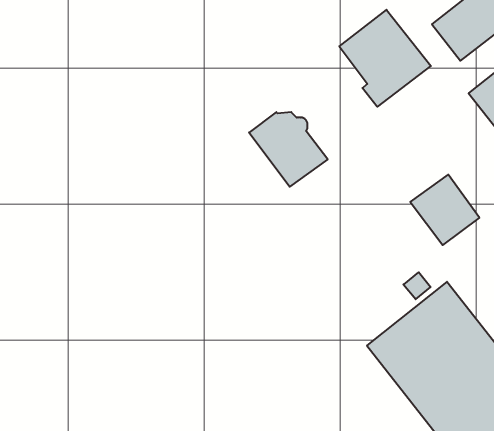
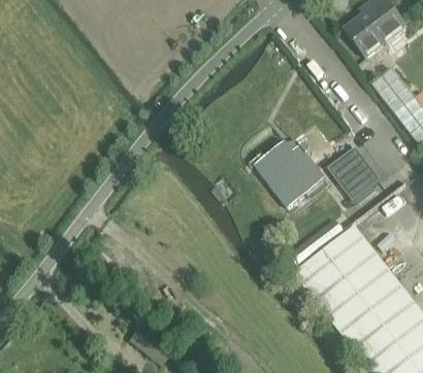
building: [339,10,431,107] -> none
building: [249,112,328,187] -> [263,141,323,198]

